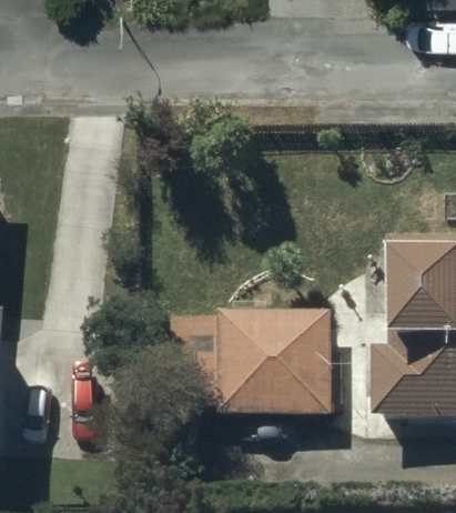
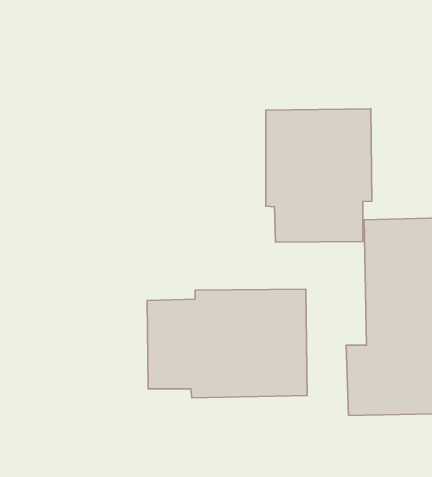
building: none -> [266,109,372,242]

